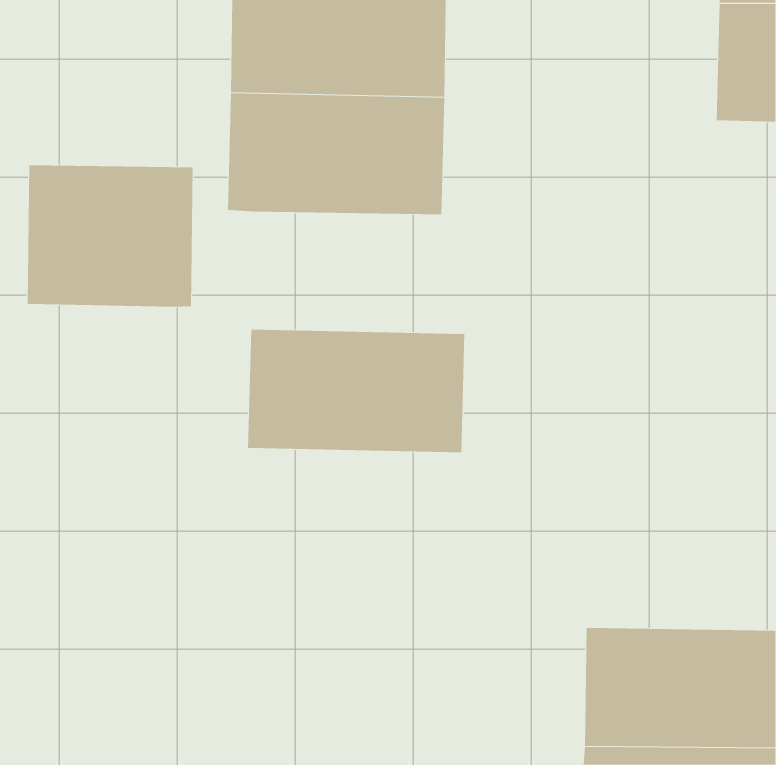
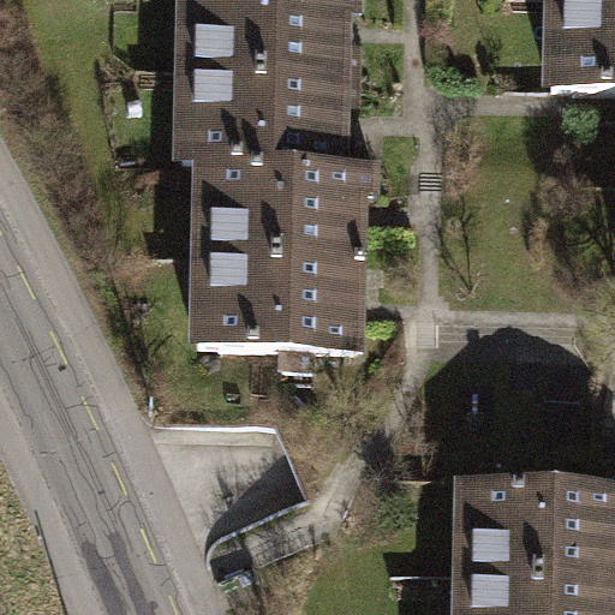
building: [27,165,193,308] -> none
building: none -> [195,165,363,259]

